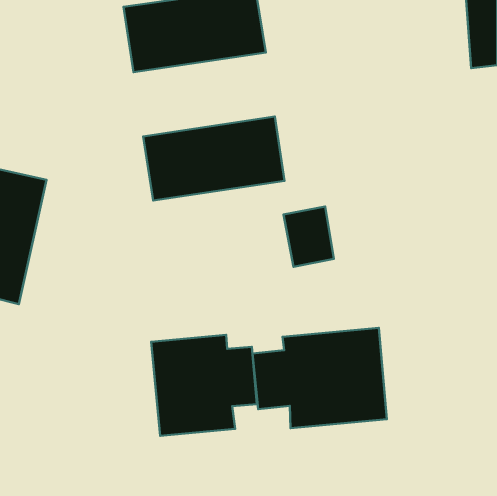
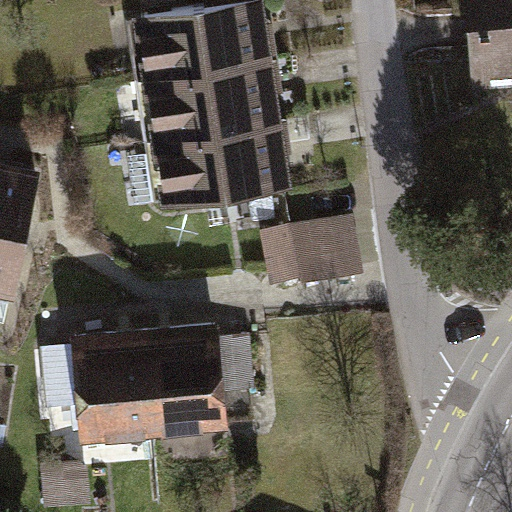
building: none -> [135,53,278,138]
building: [253,328,387,428] -> none
building: none -> [49,346,162,448]

